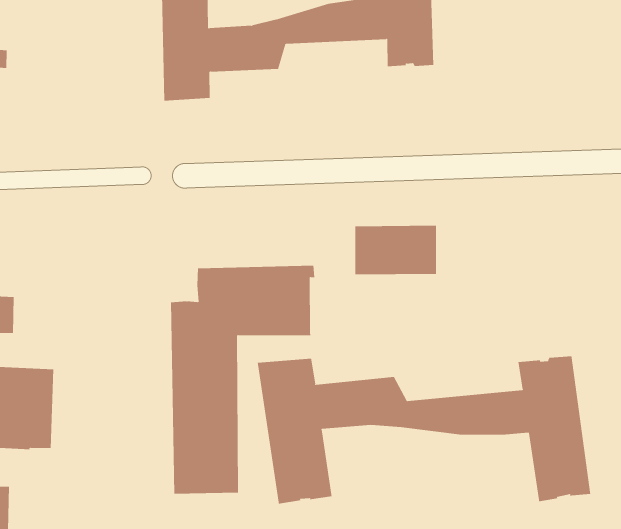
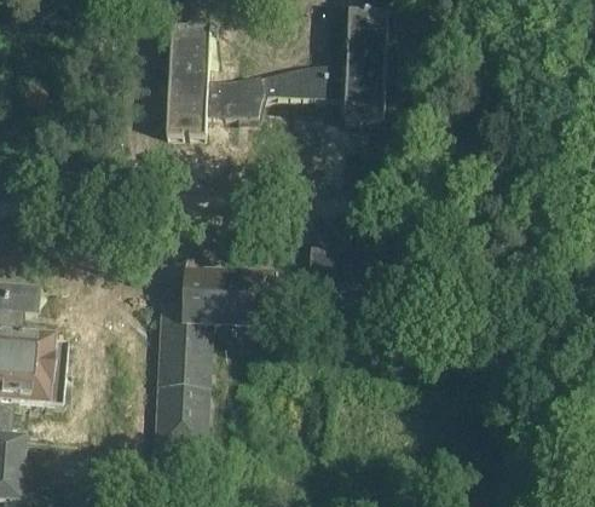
building: [257,355,591,504] -> none

